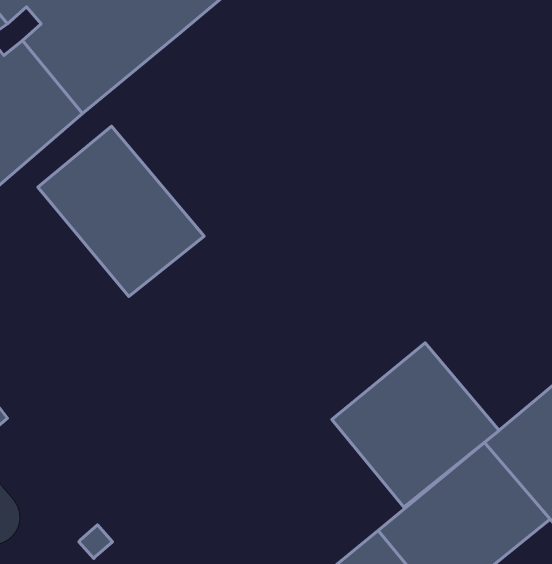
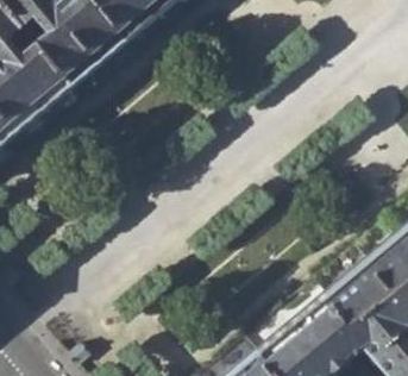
building: [38,126,204,297] -> none
building: [332,343,499,507] -> none

